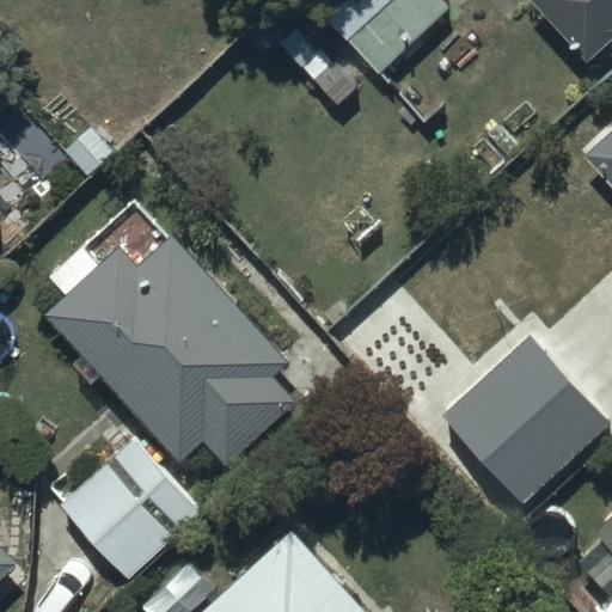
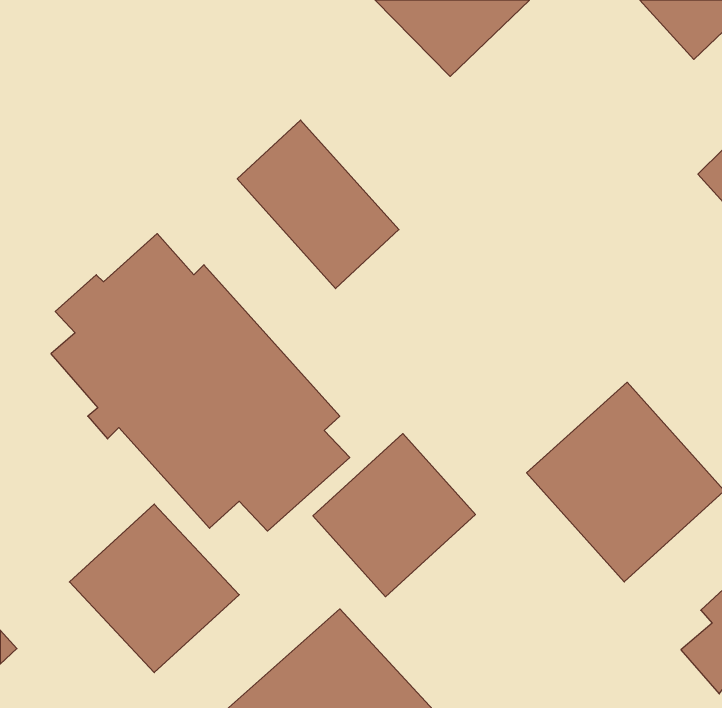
building: none -> [237,120,399,289]
building: none -> [313,434,475,597]

